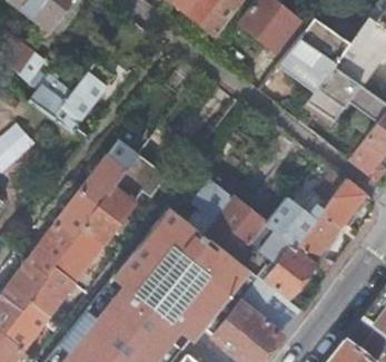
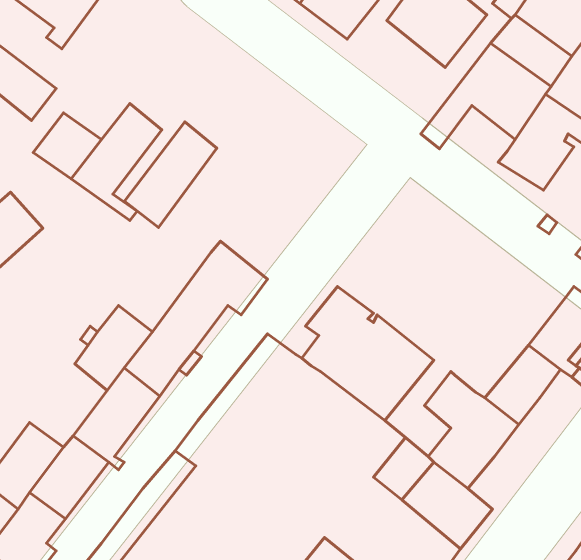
building: [80,144,135,206] -> [124,122,217,227]
building: [266,174,345,245] -> none
building: [28,225,73,274] -> none

